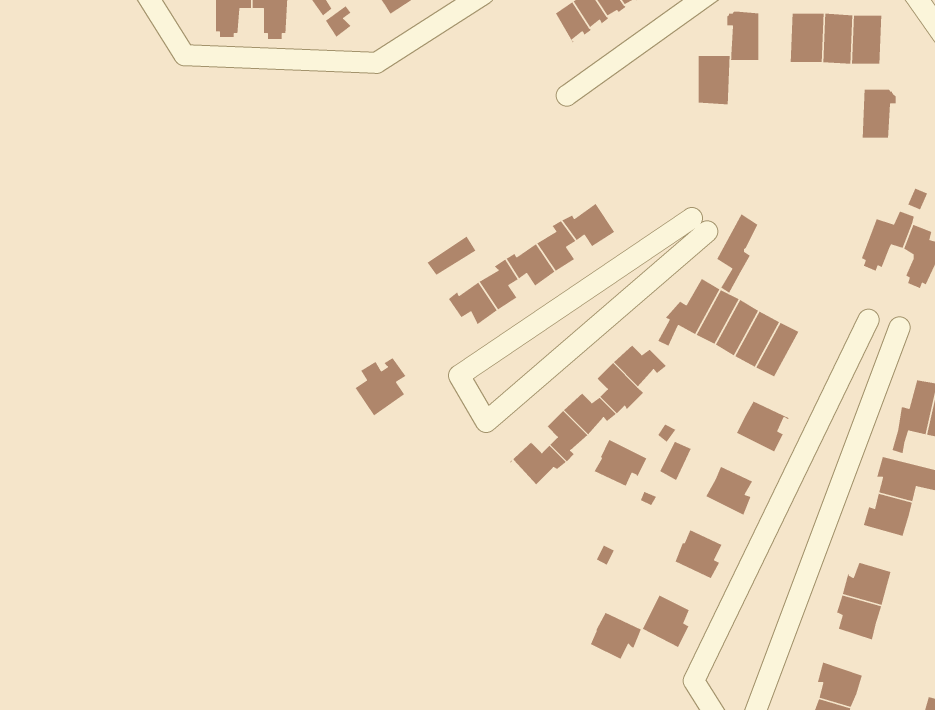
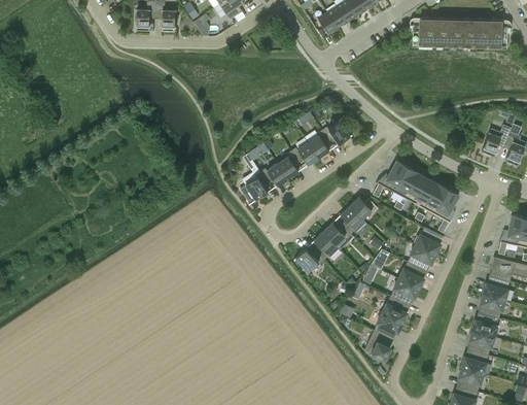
building: [698,55,730,105] -> [427,18,445,44]
building: [862,89,897,139] -> [492,19,511,45]
building: [716,213,758,294] -> [435,189,458,232]
building: [355,357,406,417] -> [240,171,268,203]
building: none -> [407,243,435,269]
building: [594,439,647,487] -> [390,277,419,303]
building: none -> [480,293,504,317]
building: [590,612,642,660] -> [374,312,401,338]
building: none -> [461,348,488,373]

